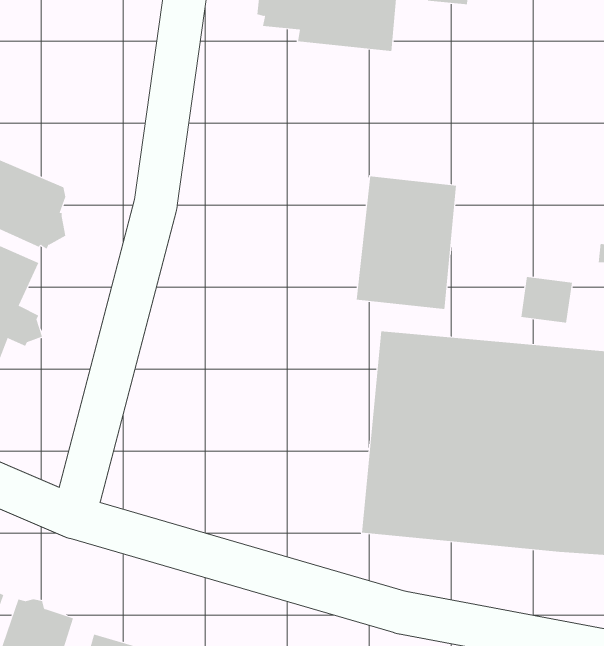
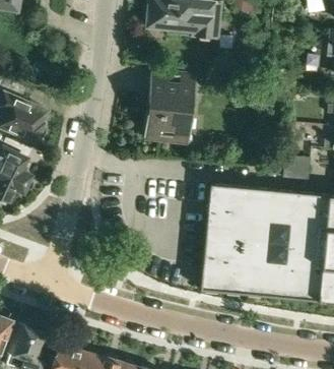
building: [356,176,457,310] -> [144,72,197,142]

